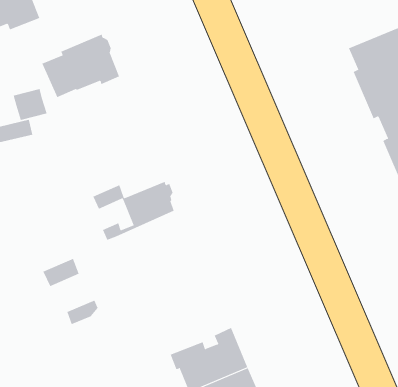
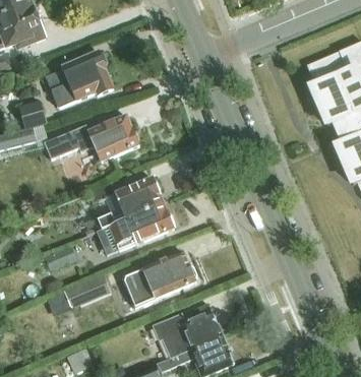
building: none -> [44,117,138,162]
building: none -> [109,203,173,250]
building: none -> [122,252,195,307]

